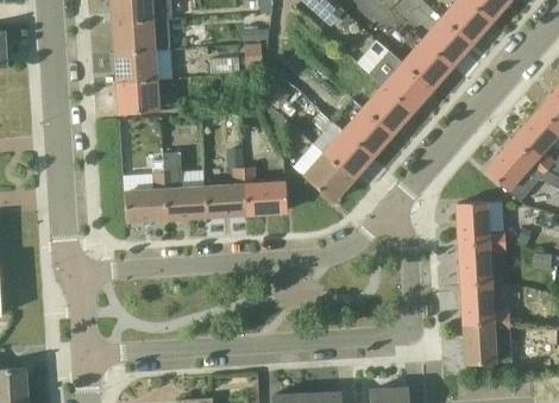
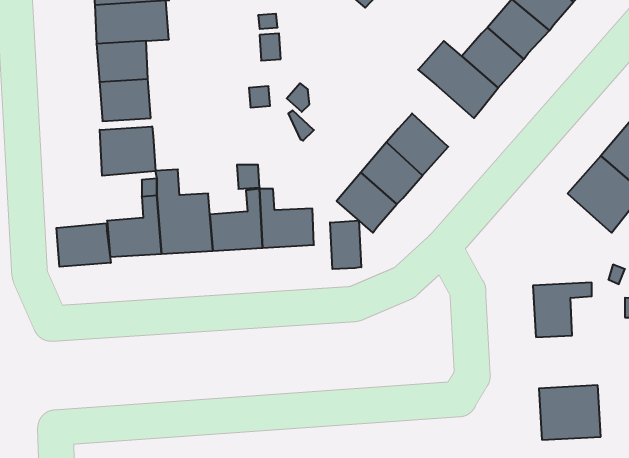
building: [364,86,413,134] -> none
building: none -> [100,126,155,176]
building: none -> [330,221,361,269]
building: none -> [56,223,111,267]
building: [458,202,505,244] -> none
building: [461,283,510,325] -> none

